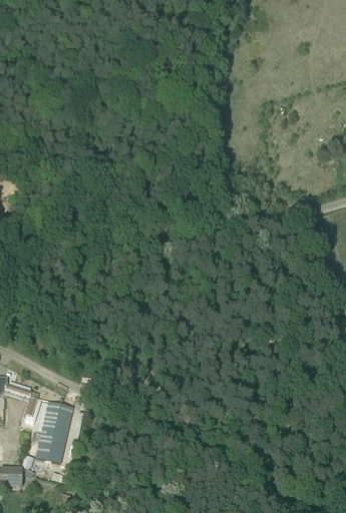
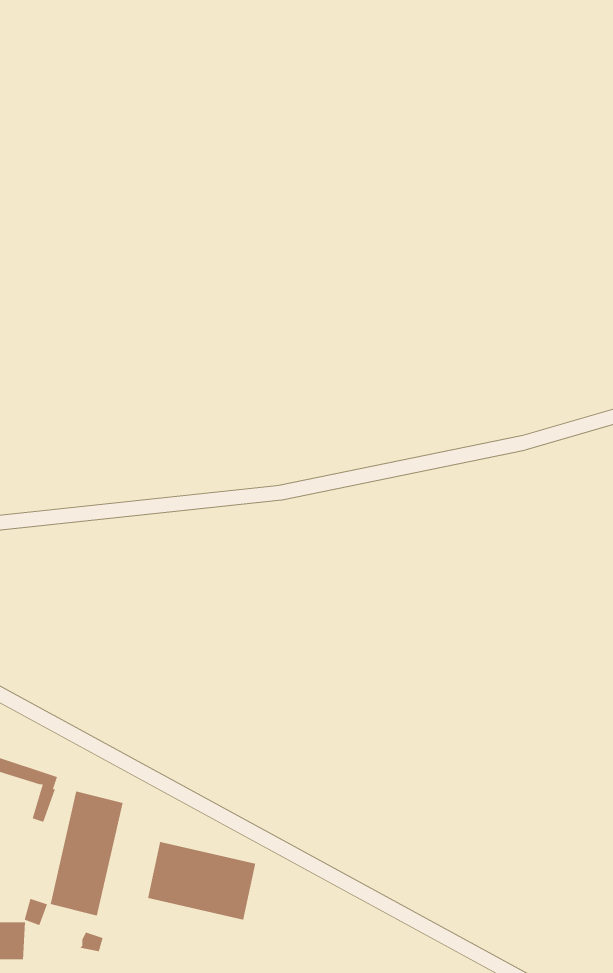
building: none -> [148,841,256,920]

